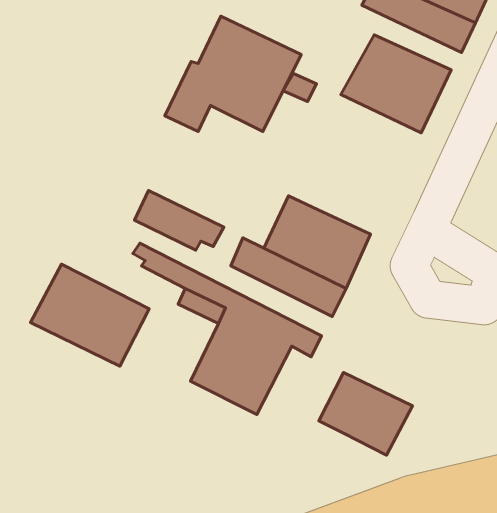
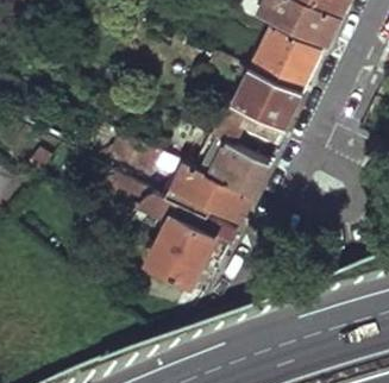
building: [165,16,301,132] -> [209,68,302,146]
building: [31,264,149,366] -> none
building: [319,372,412,455] -> none

